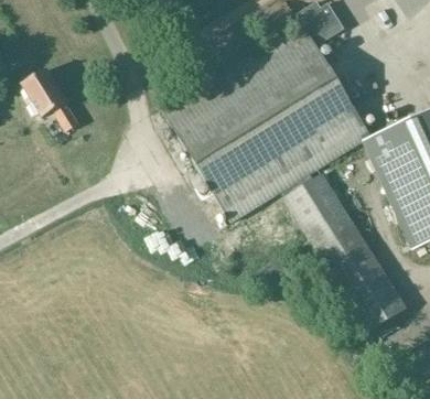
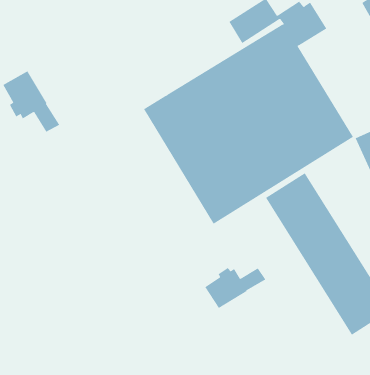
building: none -> [204,267,266,309]

